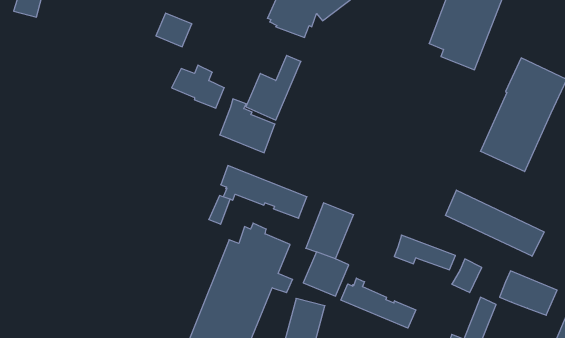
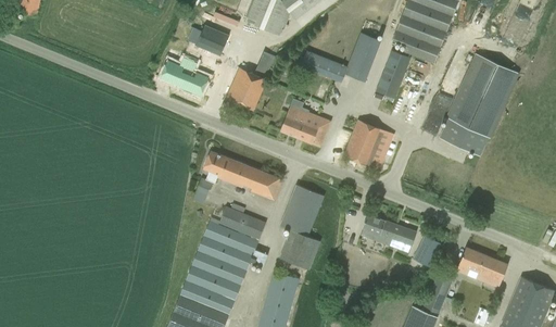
building: [156,13,192,47] -> [195,25,228,55]
building: none -> [300,32,381,83]
building: none -> [375,50,409,98]
building: [220,99,275,153] -> [280,98,330,147]
building: none -> [343,120,383,166]
building: [445,190,544,256] -> none
building: [341,278,416,328] -> none

